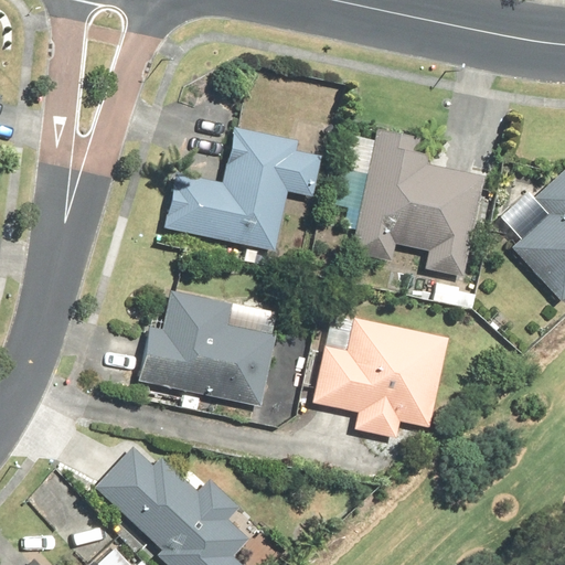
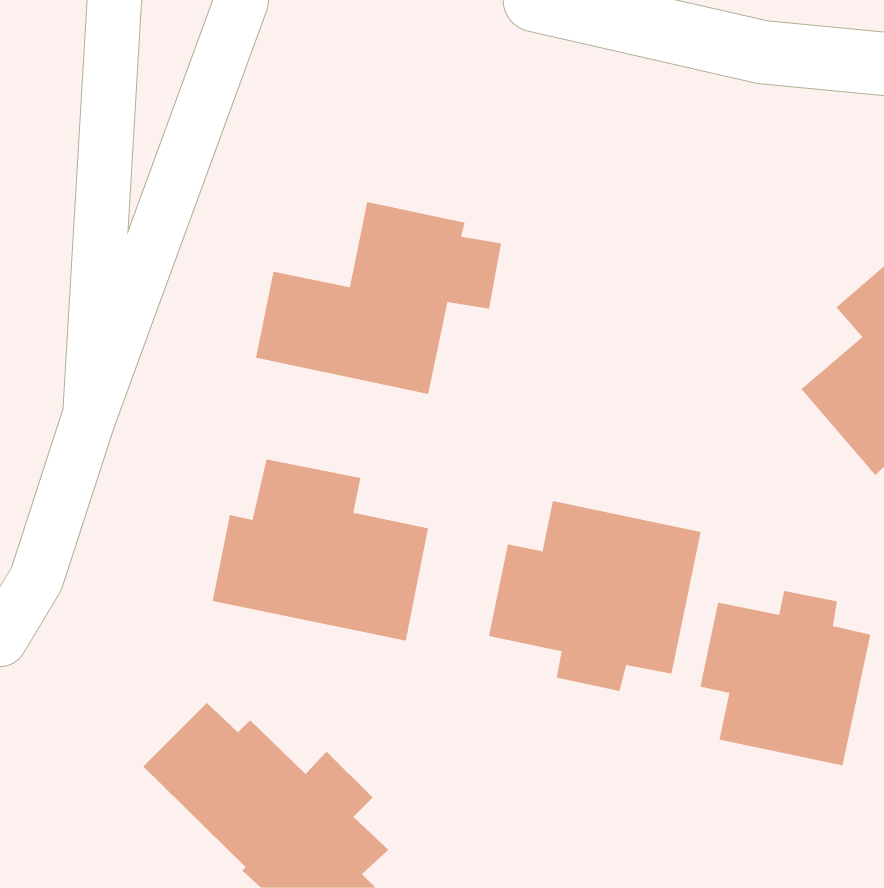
building: [351,129,486,278] -> none
building: none -> [700,590,871,766]

